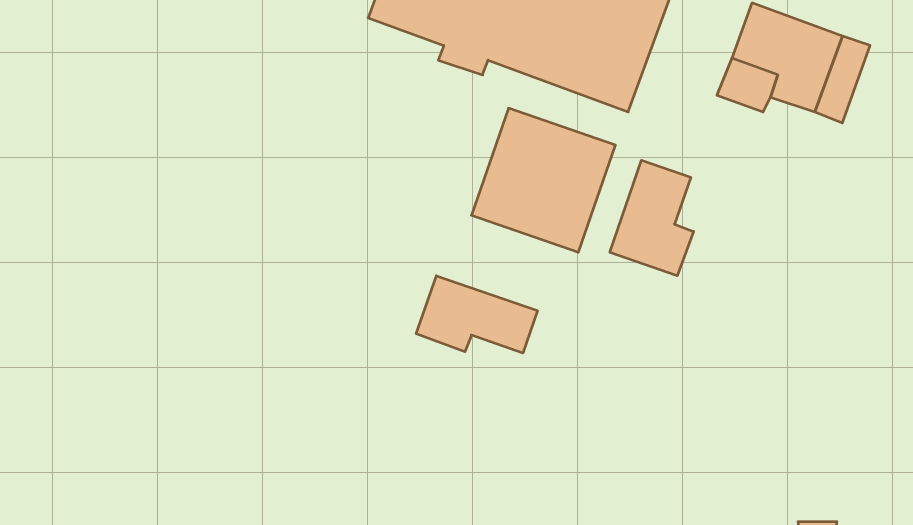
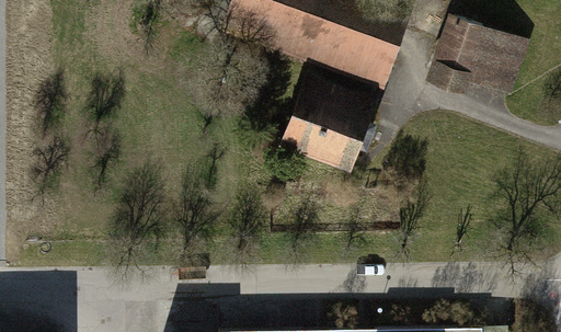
building: [610,160,694,276] -> none
building: [416,276,537,353] -> none

